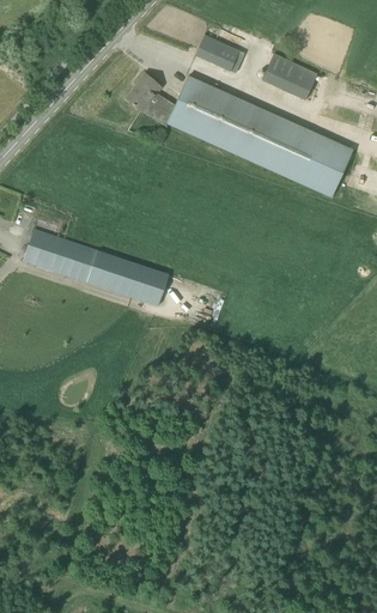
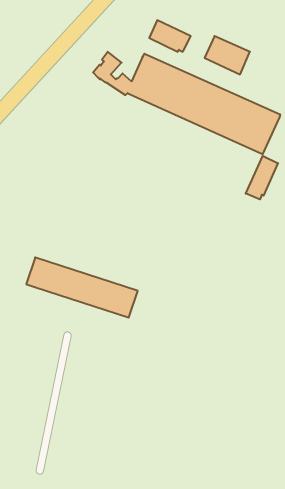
building: none -> [246,156,278,199]
building: [24,229,159,302] -> [26,257,138,318]

